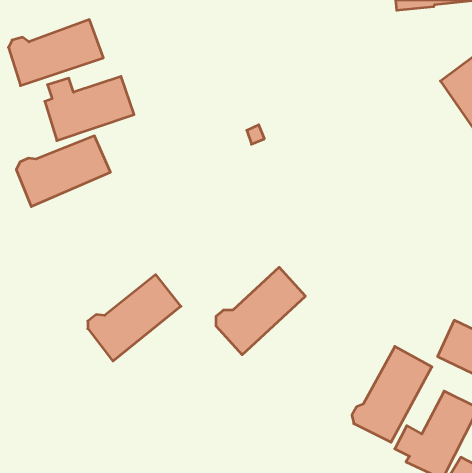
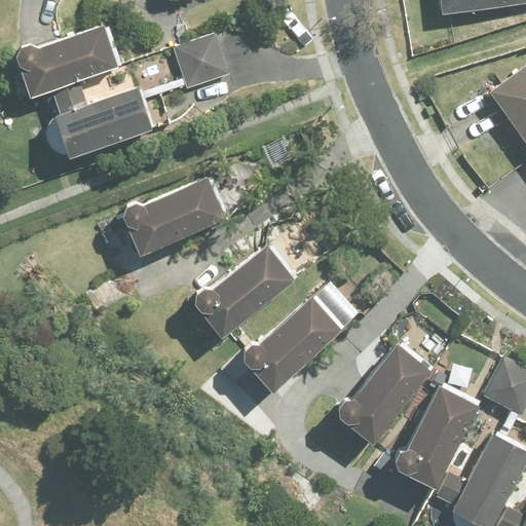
building: none -> [177,35,233,89]
building: [16,136,110,207] -> [121,179,225,257]
building: [88,275,181,361] -> [192,243,295,339]
building: none -> [337,343,431,446]

